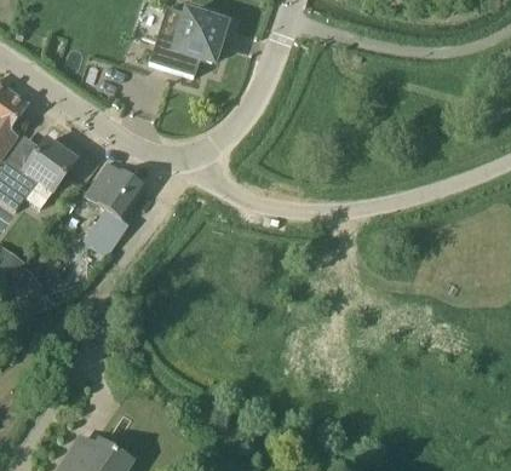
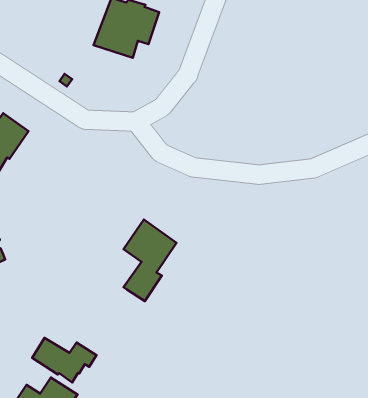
building: [85,159,145,252] -> [123,219,177,301]
building: none -> [32,338,96,382]

